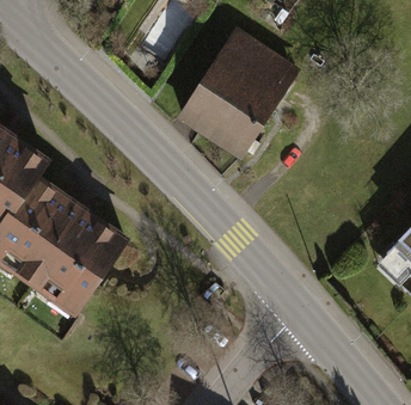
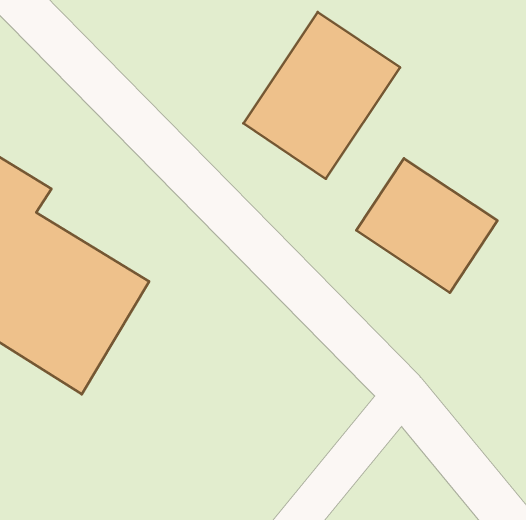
building: none -> [356,158,497,293]

